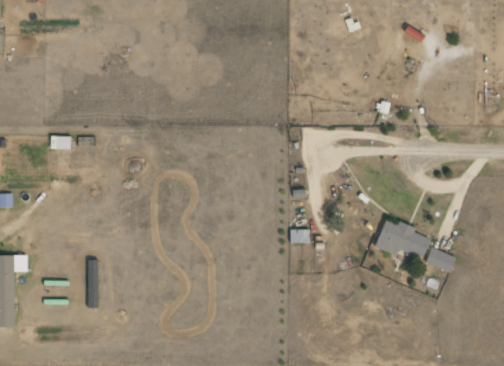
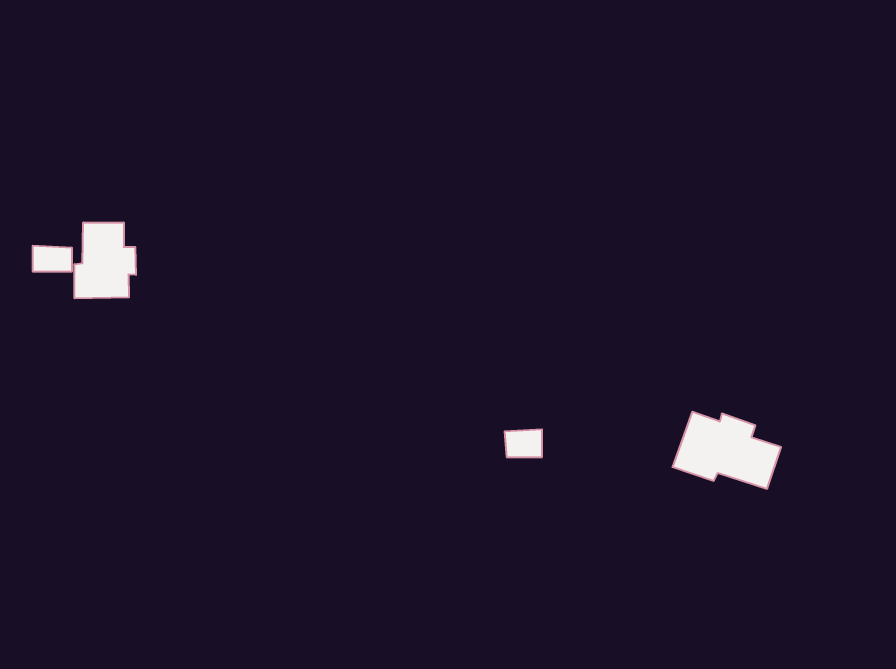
building: none -> [75,222,136,298]
building: [424,246,455,272] -> none

